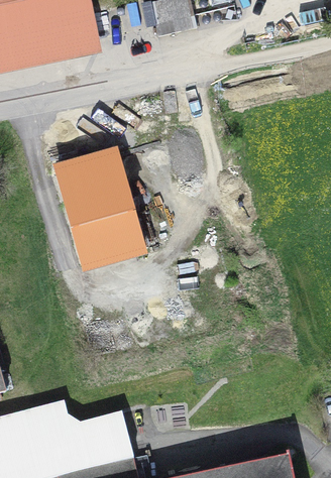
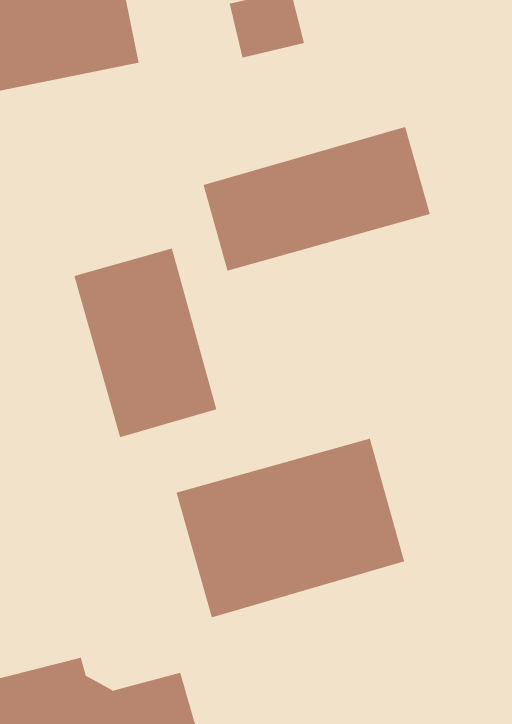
building: none -> [203,126,430,272]
building: none -> [176,438,405,618]

